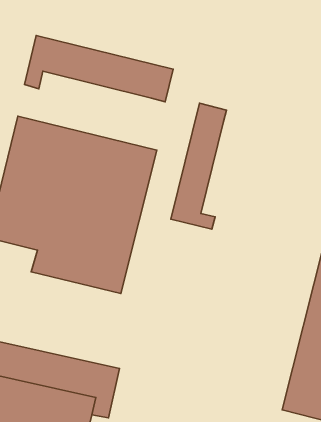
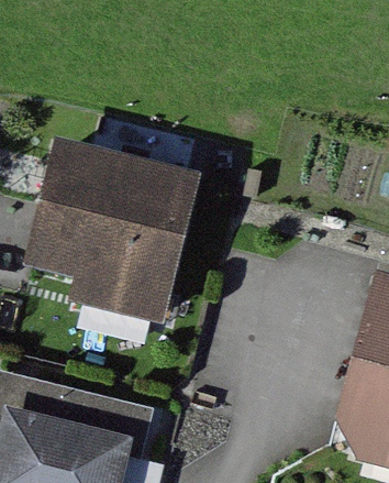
building: [24,35,173,102] -> none
building: [171,103,227,229] -> none

